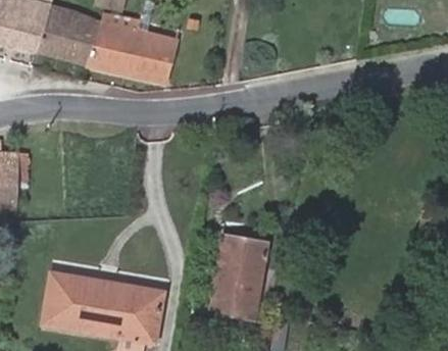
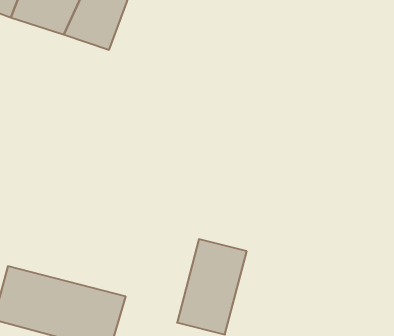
building: [129,32,177,82] -> none

